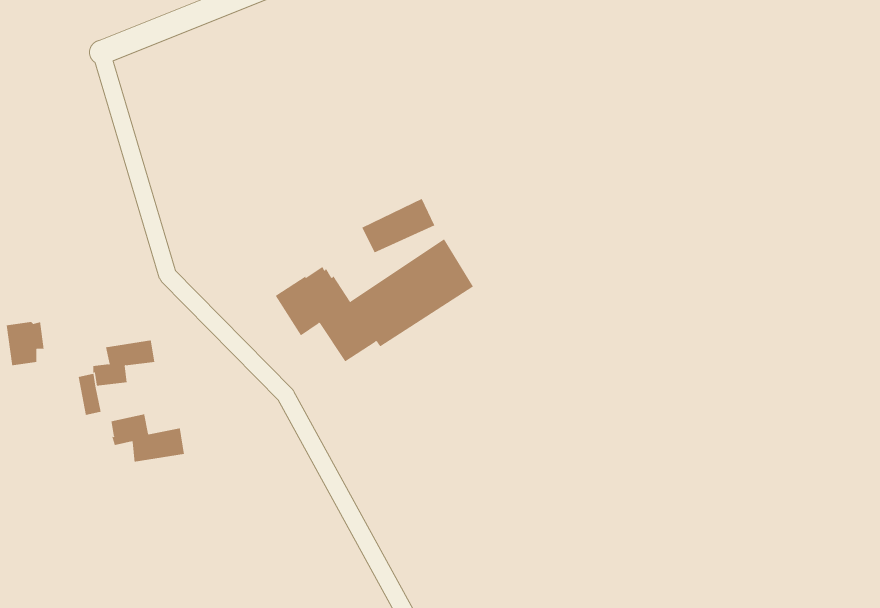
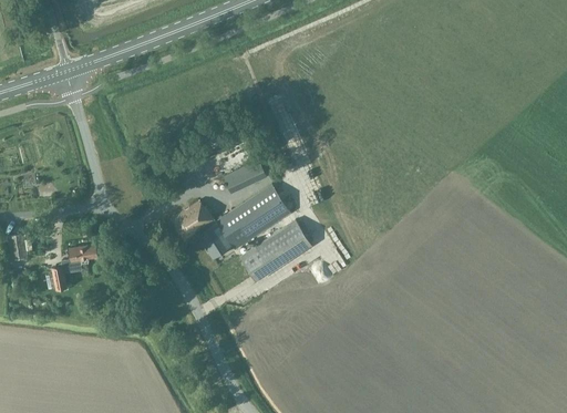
building: none -> [239,219,307,275]
building: [111,414,184,463] -> none

